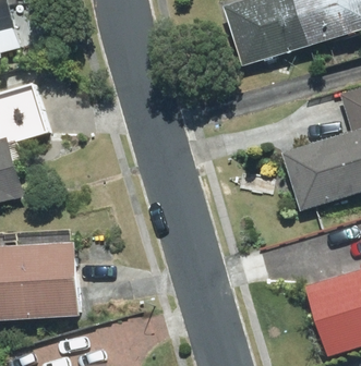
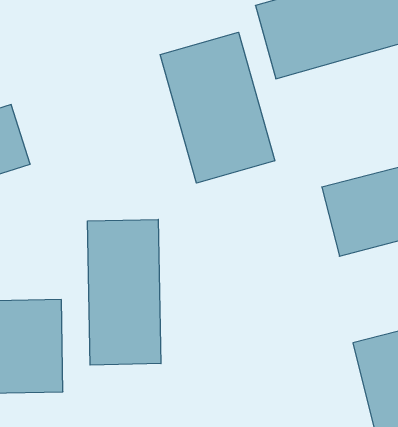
building: none -> [160,32,275,183]
building: none -> [88,219,161,365]

